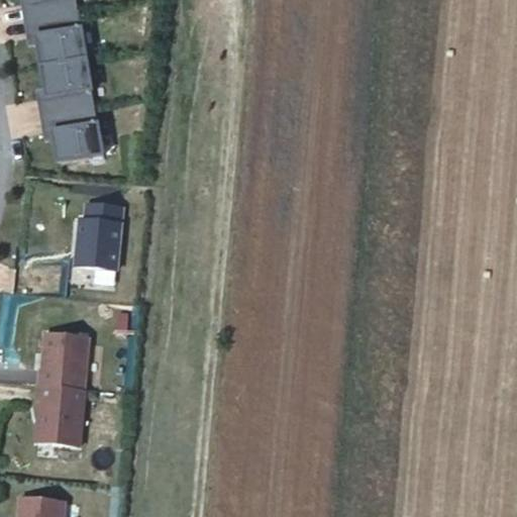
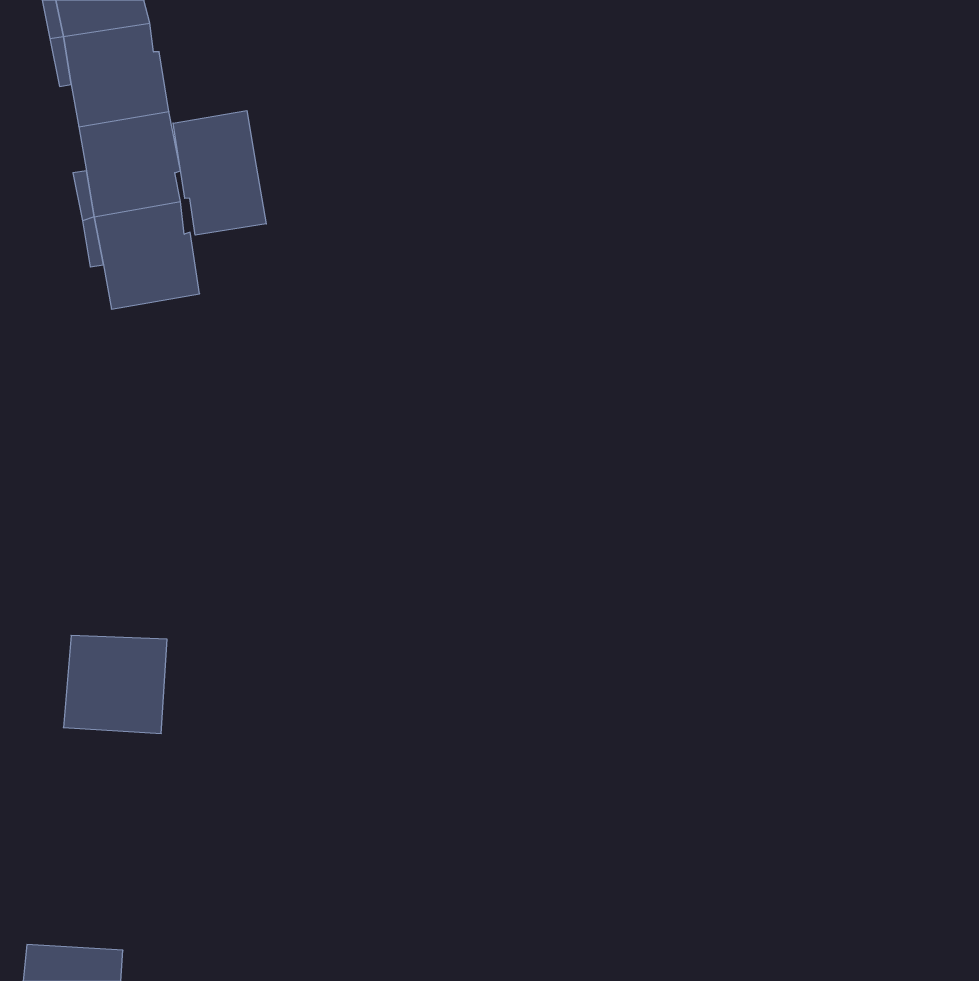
building: none -> [173,111,266,235]
building: [76,205,123,276] -> none
building: [28,383,85,447] -> none

